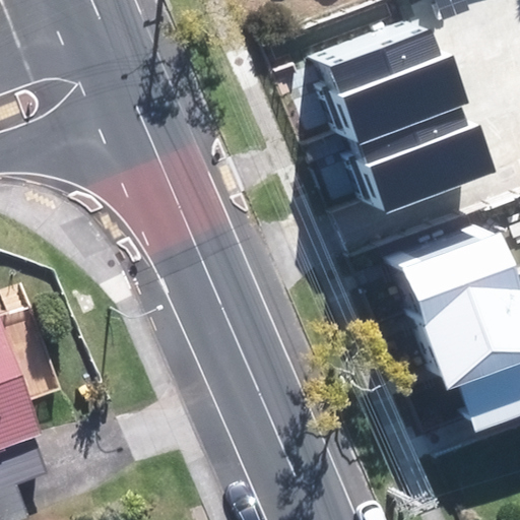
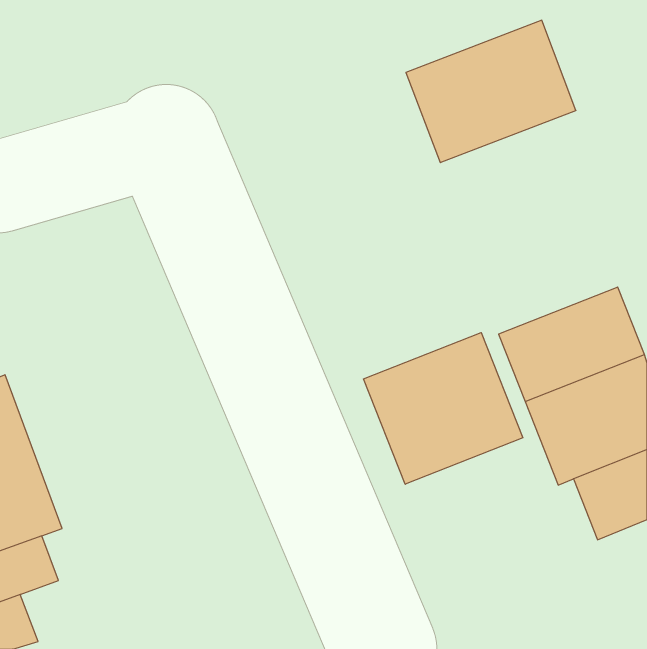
building: [352,88,493,211] -> none
building: none -> [364,333,523,484]

